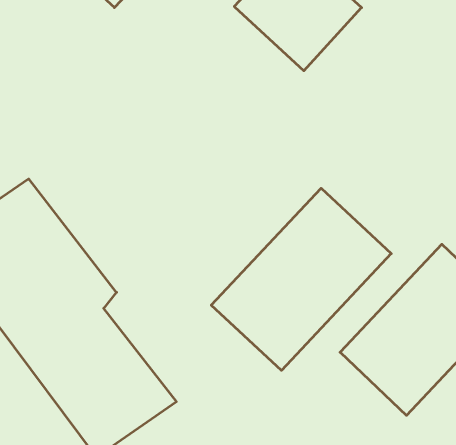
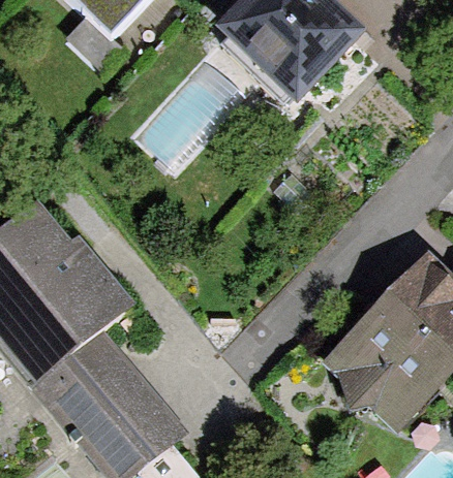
building: [211,188,391,370] -> none

